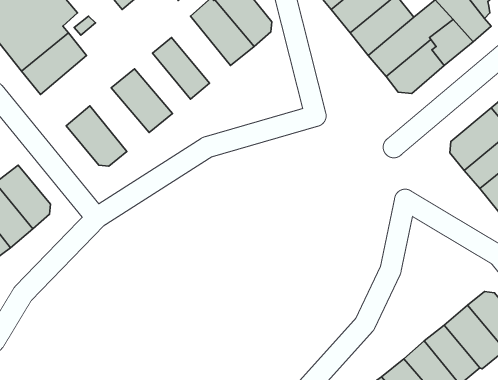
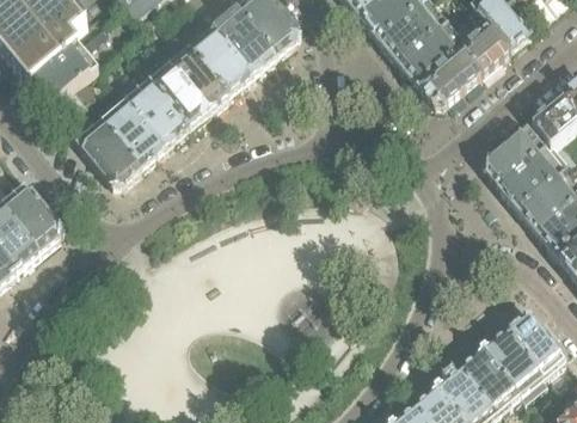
building: none -> [190,23,253,94]
building: none -> [151,62,210,127]
building: none -> [103,99,166,167]

